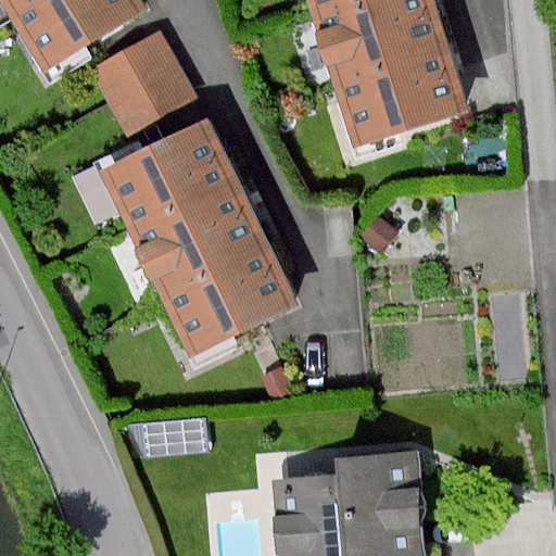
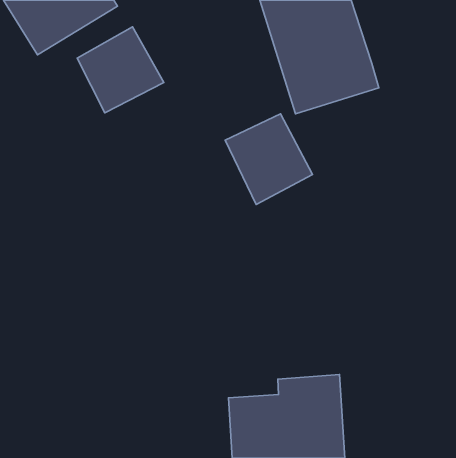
building: [104,123,289,349] -> none
building: none -> [225,114,312,205]

